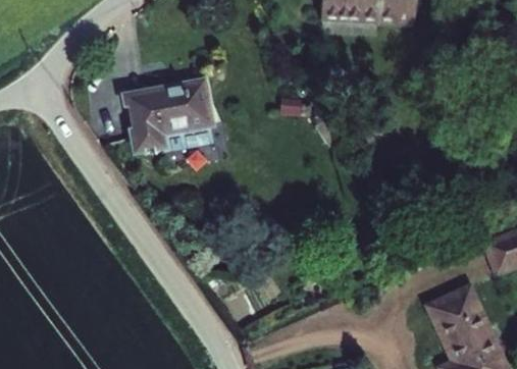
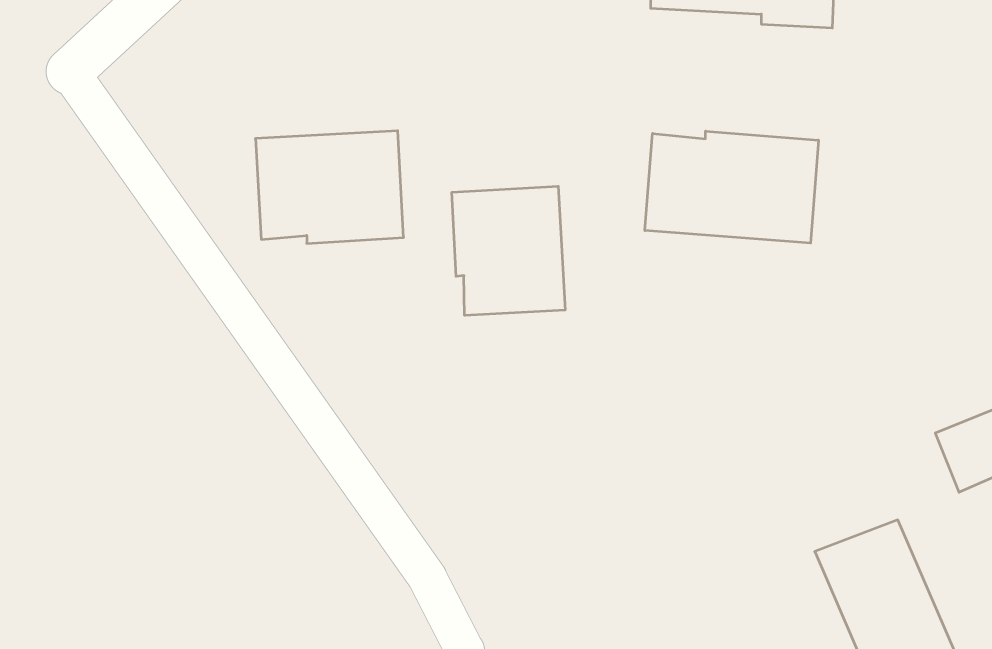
building: none -> [645,131,818,243]
building: none -> [452,186,565,315]

